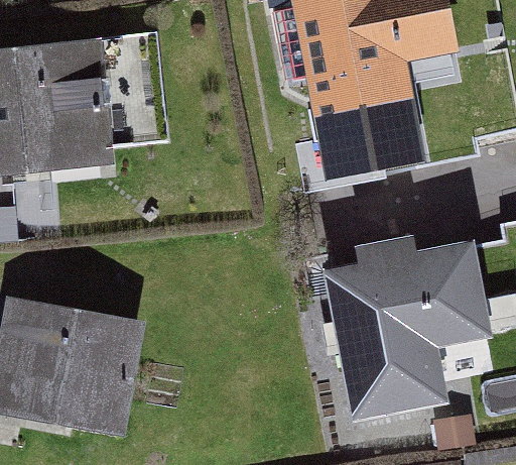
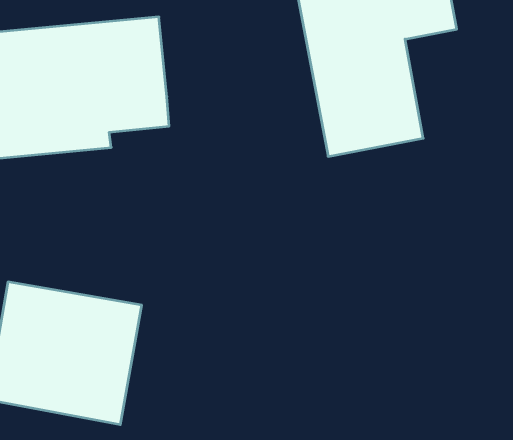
building: [329,242,487,415] -> none

